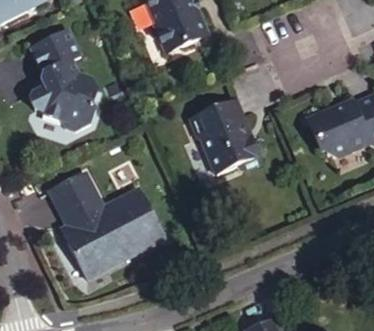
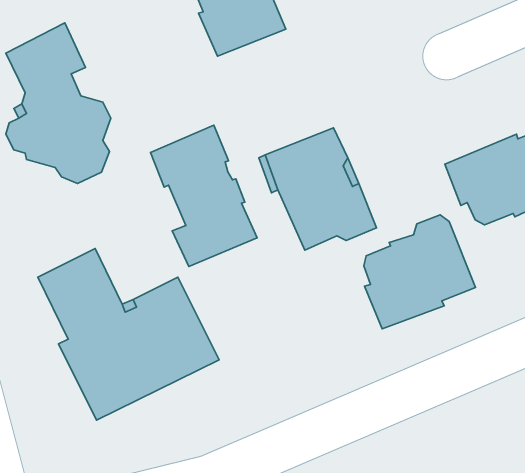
building: none -> [151,125,257,266]
building: none -> [364,215,476,329]

